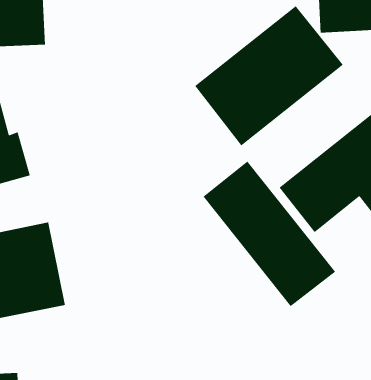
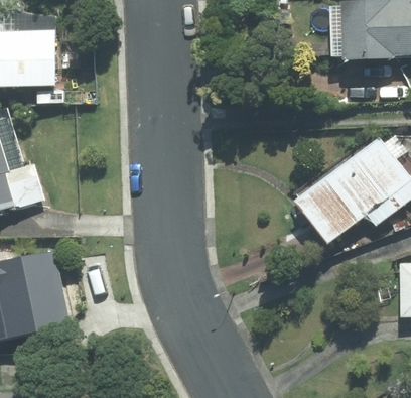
building: [194,5,344,146] -> none
building: [203,160,336,307] -> none

